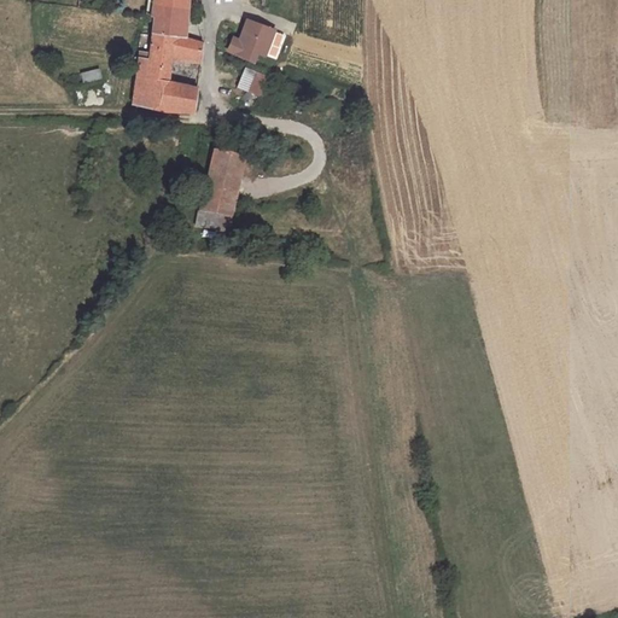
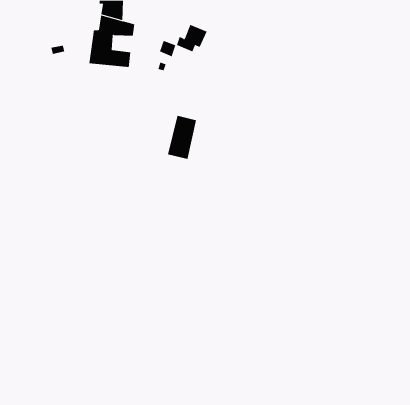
building: [228,18,275,60] -> [176,24,207,52]
building: [200,152,245,218] -> [167,115,197,159]

